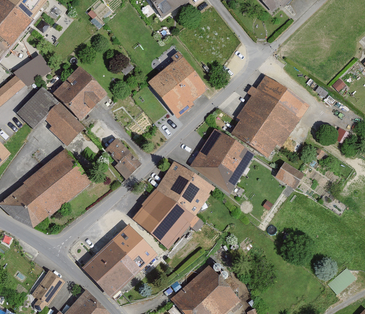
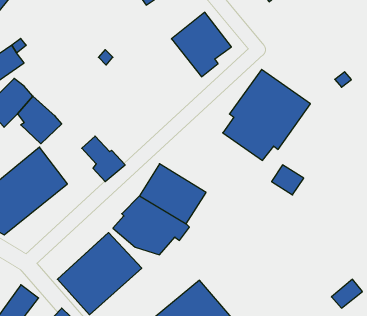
building: [150,55,204,113] -> [171,12,231,77]
building: [51,66,107,118] -> none
building: [189,128,255,193] -> none

